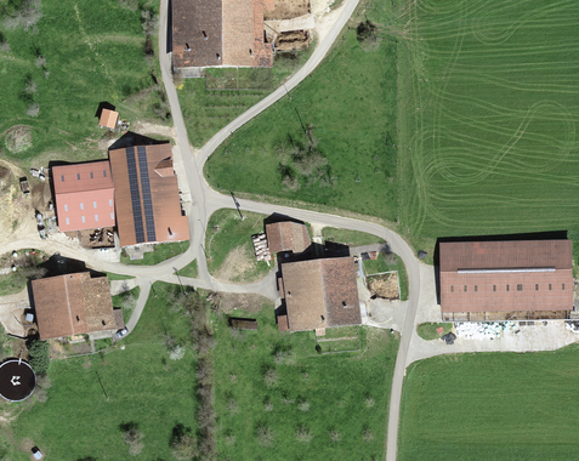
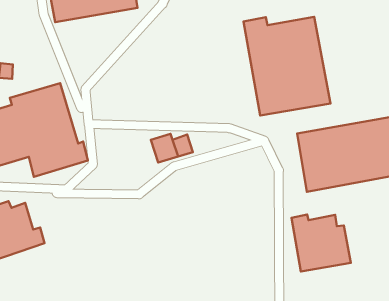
building: none -> [243,17,330,115]
building: [278,257,361,331] -> none
building: none -> [291,215,351,272]

